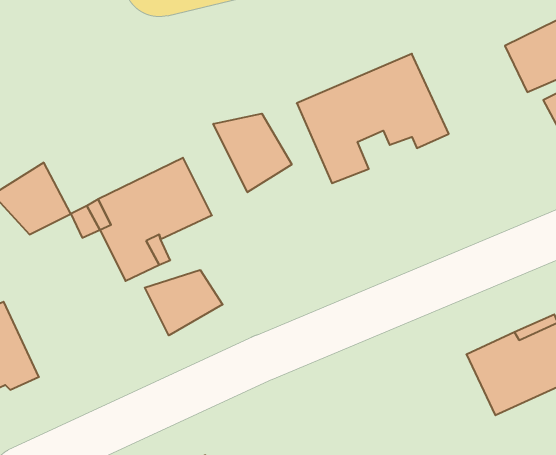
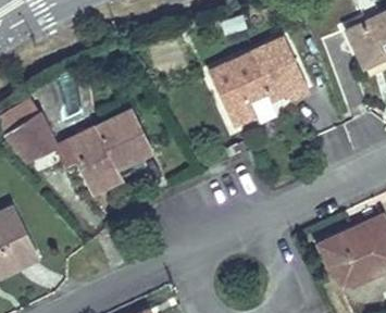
building: [213,114,292,192] -> none
building: [145,270,223,335] -> none

